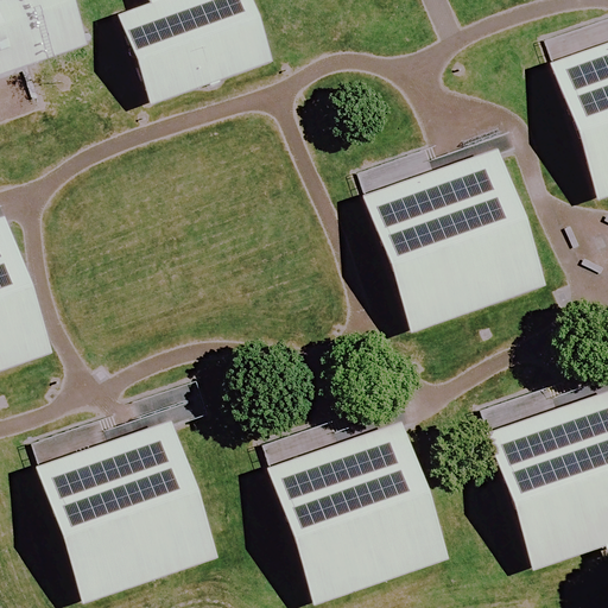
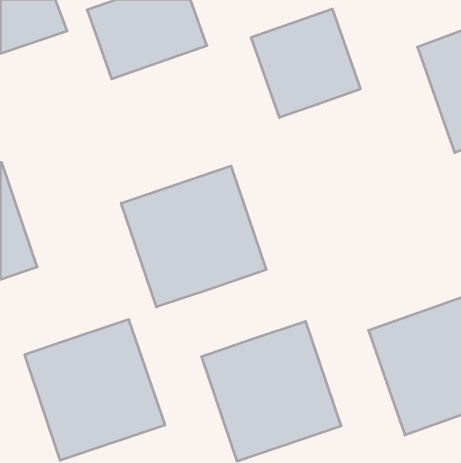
building: none -> [251,9,360,118]
building: [365,146,549,332] -> none
building: none -> [121,166,266,307]

